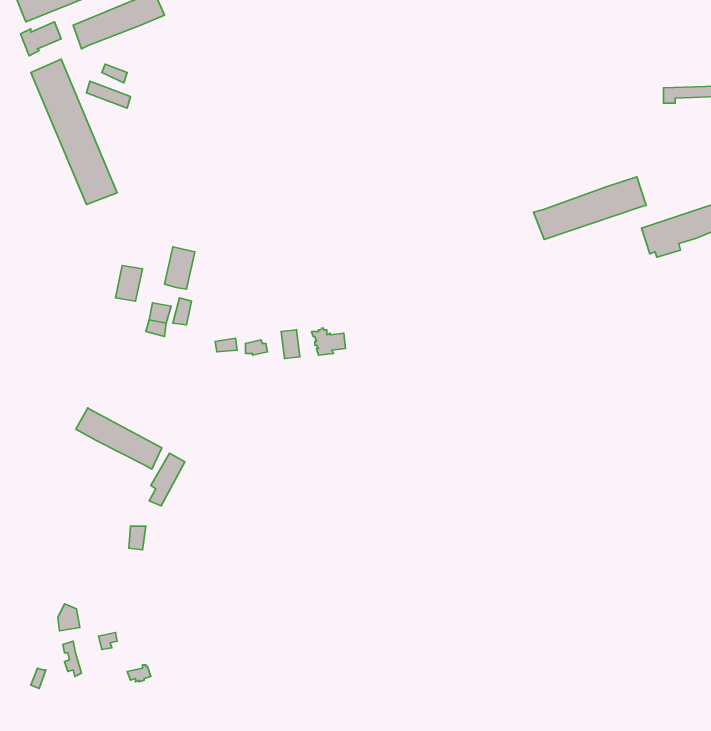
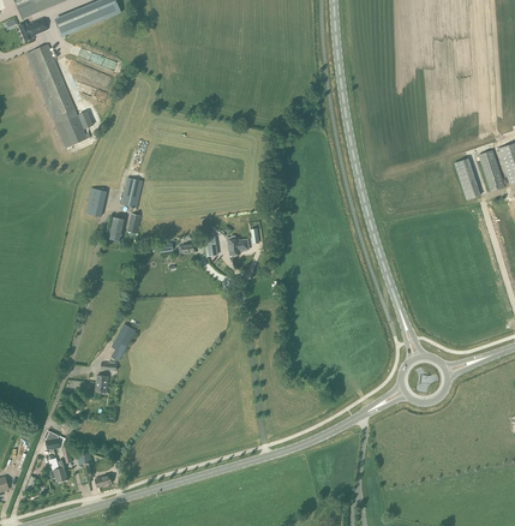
building: [534,177,646,239] -> none
building: [76,408,162,469] -> none

